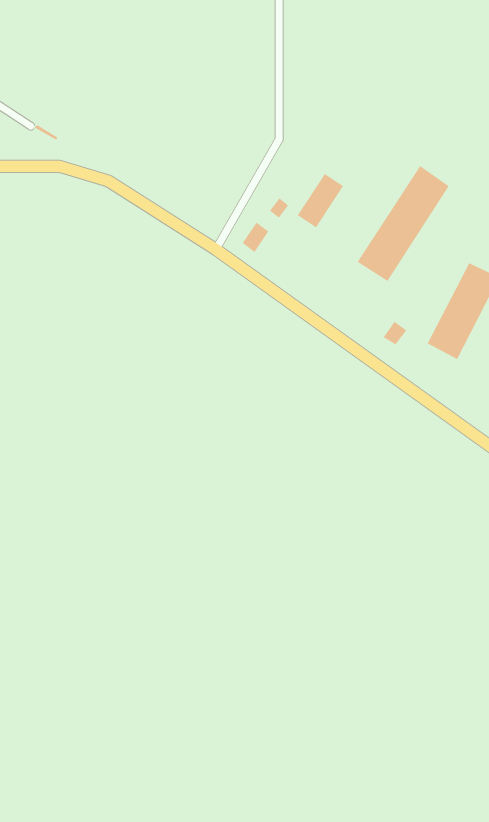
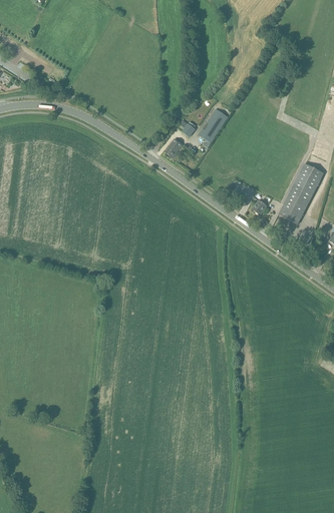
building: [357,165,449,282] -> none

